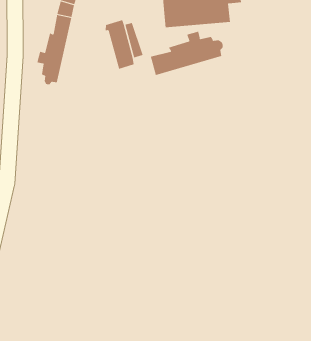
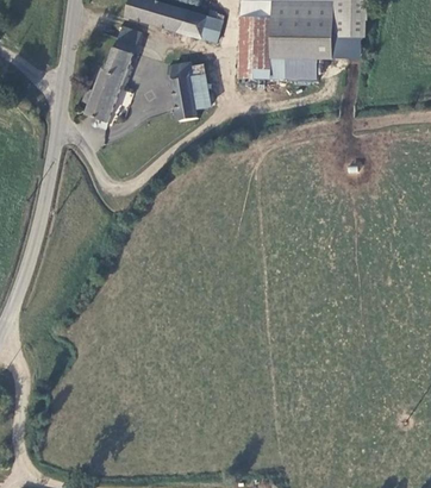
building: [150,31,223,76] -> none

